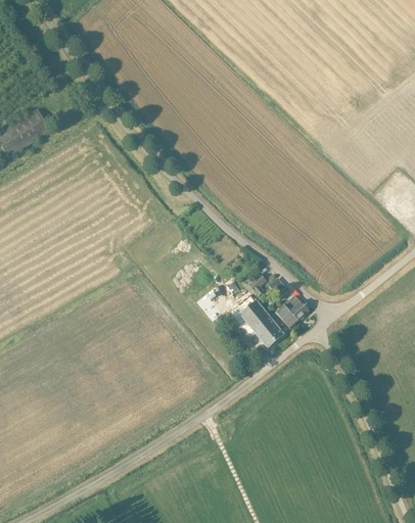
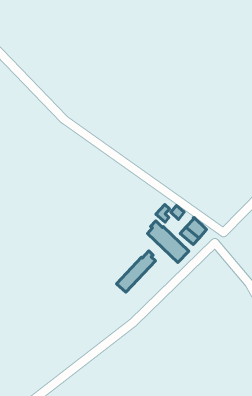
building: none -> [117,251,156,292]

